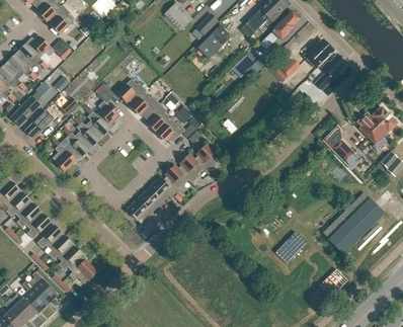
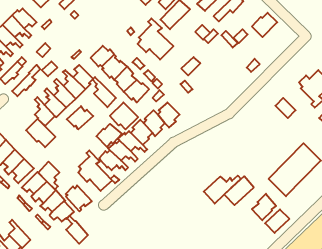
building: none -> [138,18,173,60]
building: [315,54,346,90] -> none
building: none -> [92,77,116,107]
building: none -> [110,102,138,129]
building: none -> [67,106,93,129]
building: none -> [26,119,55,147]
building: none -> [96,124,122,147]
building: none -> [78,150,112,191]
building: none -> [38,162,59,189]
building: none -> [204,176,241,204]
building: none -> [66,185,92,211]
building: none -> [252,194,276,220]
building: [32,271,58,304] -> [66,216,88,244]

